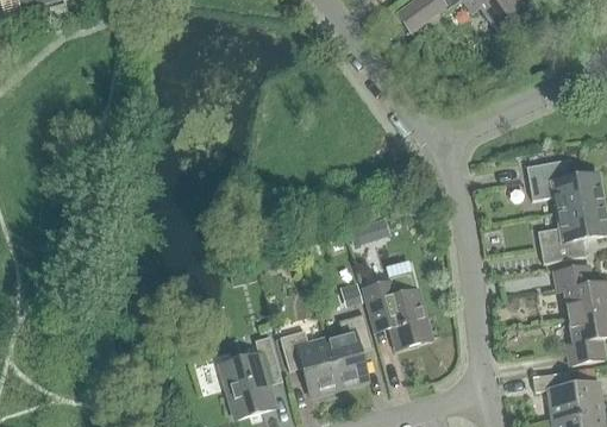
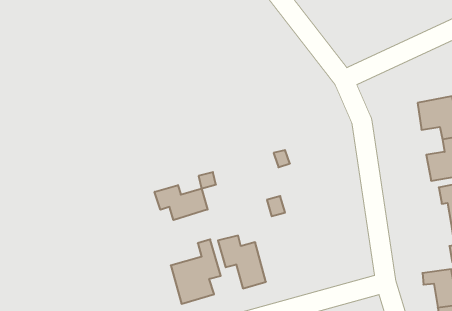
building: none -> [155,185,208,220]
building: [363,270,432,347] -> none
building: [326,314,373,388] -> none

